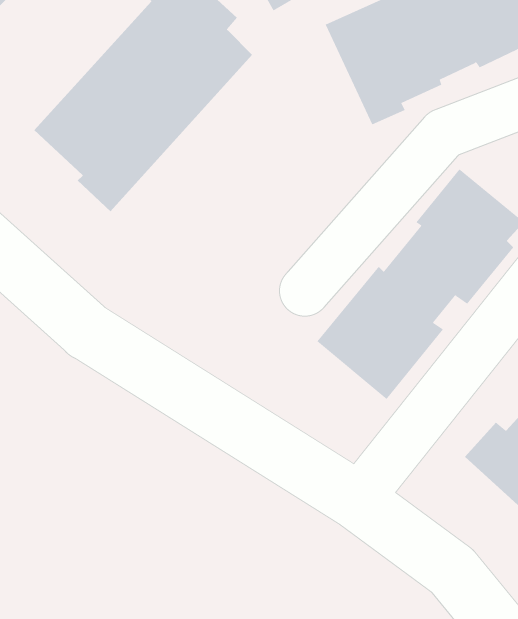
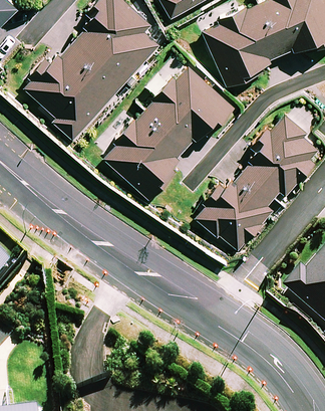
building: none -> [102,64,234,200]

